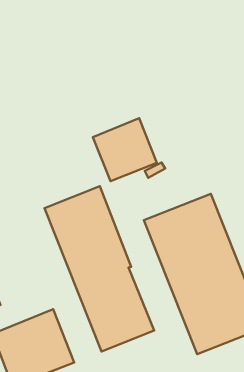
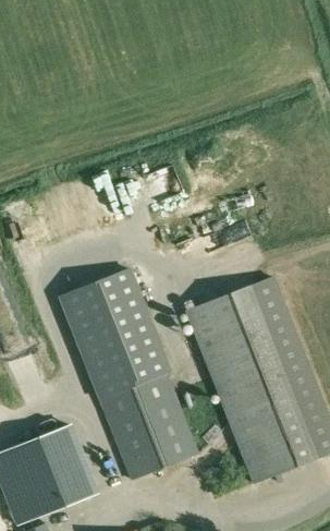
building: [93,118,157,181] -> none

